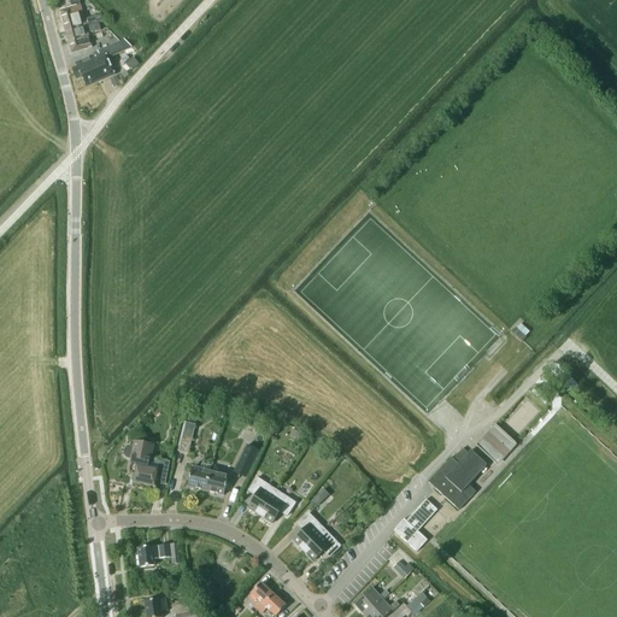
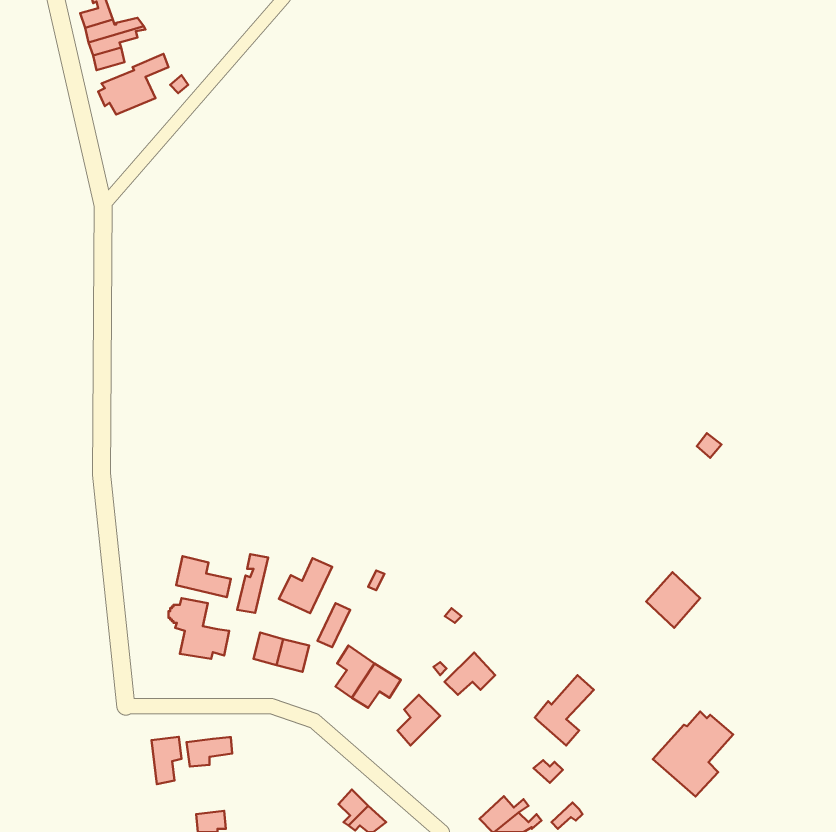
building: none -> [176,556,231,597]
building: none -> [279,558,332,613]
building: [428,446,487,509] -> [653,712,733,797]
building: [302,528,340,559] -> [445,652,495,695]
building: none -> [151,737,181,784]

